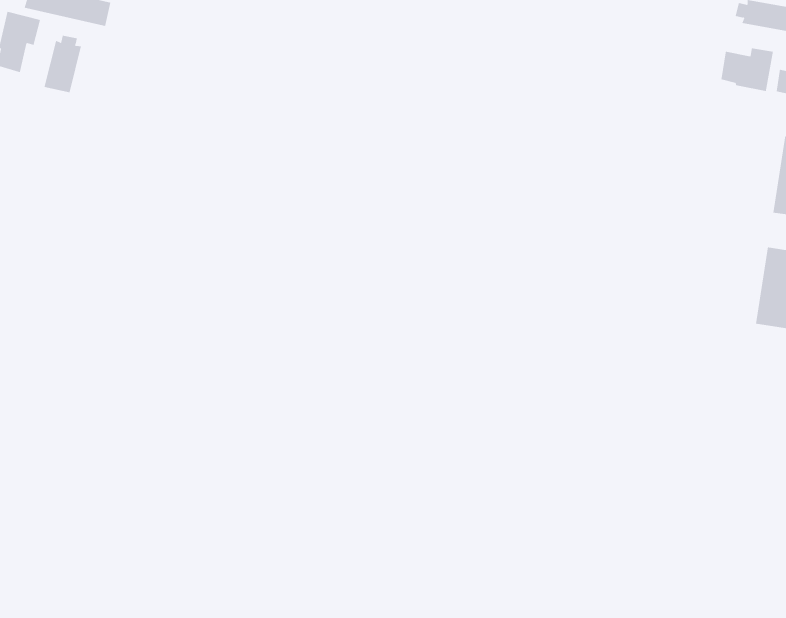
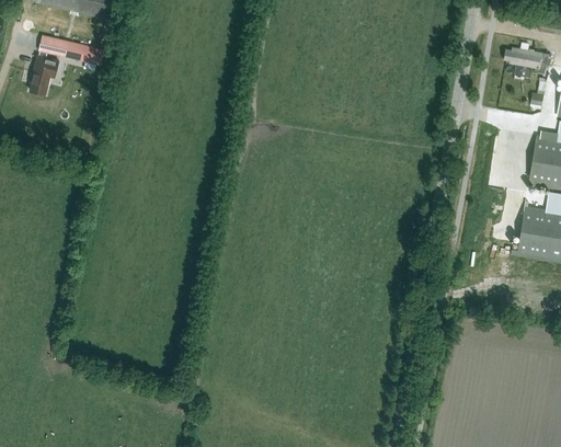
building: [44,35,82,93] -> none
building: [721,48,774,92] -> none

